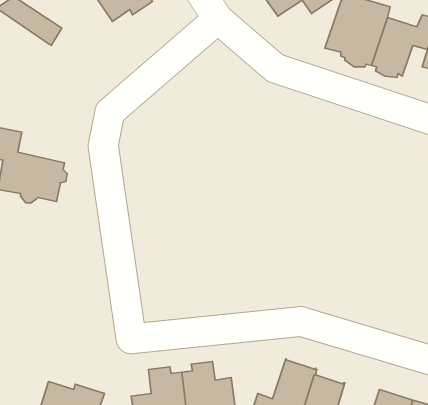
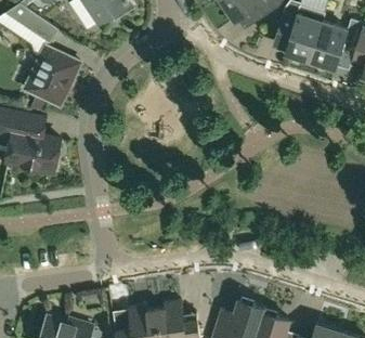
building: none -> [25,47,80,106]

